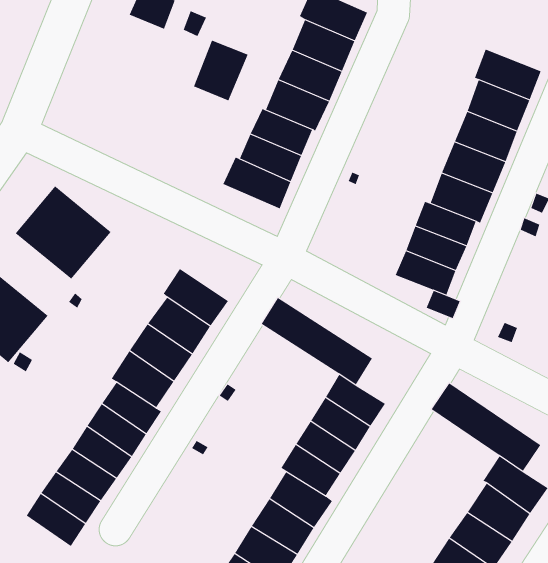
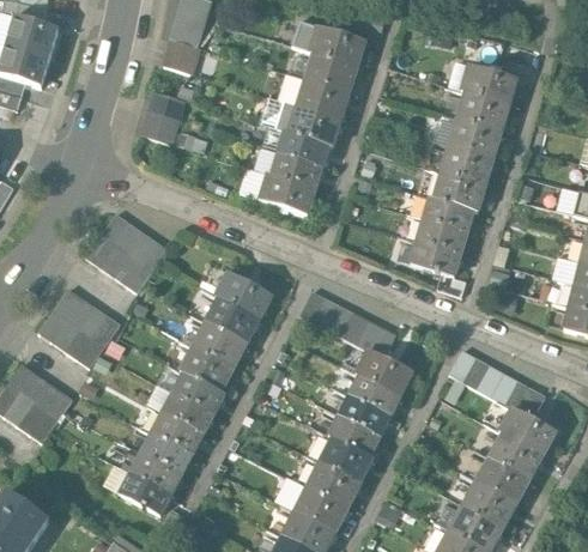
building: [193,40,249,101] -> [140,93,184,144]

